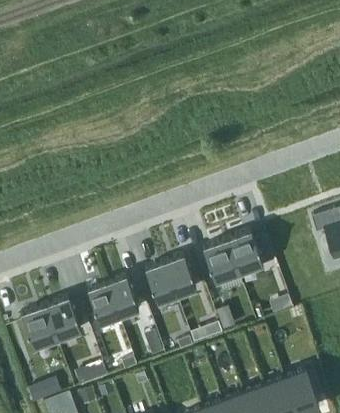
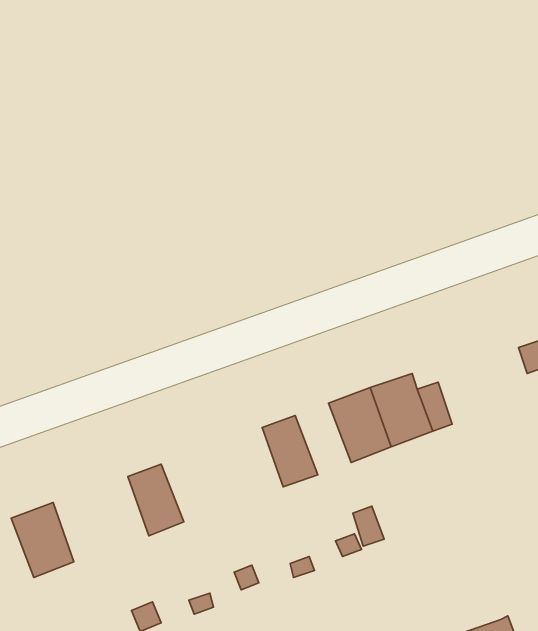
building: [144,263,176,304] -> none
building: [106,277,138,317] -> none
building: [44,297,80,340] -> none

